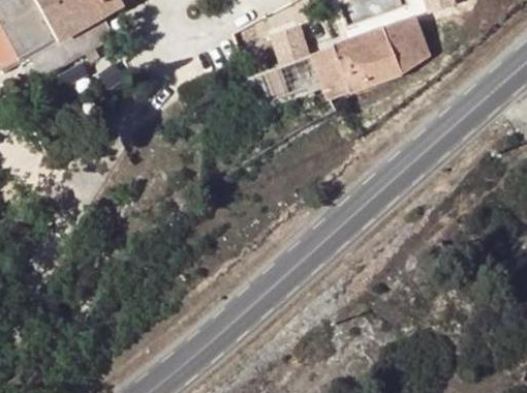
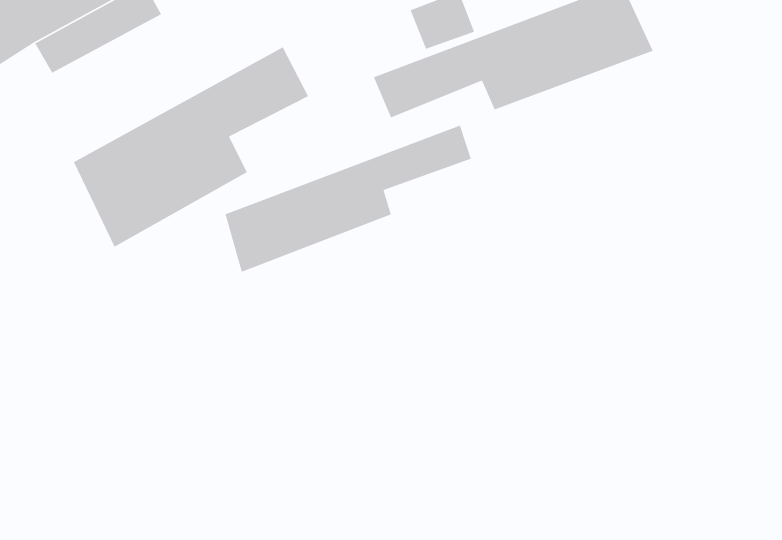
building: none -> [73,46,309,248]
building: none -> [225,124,472,273]

